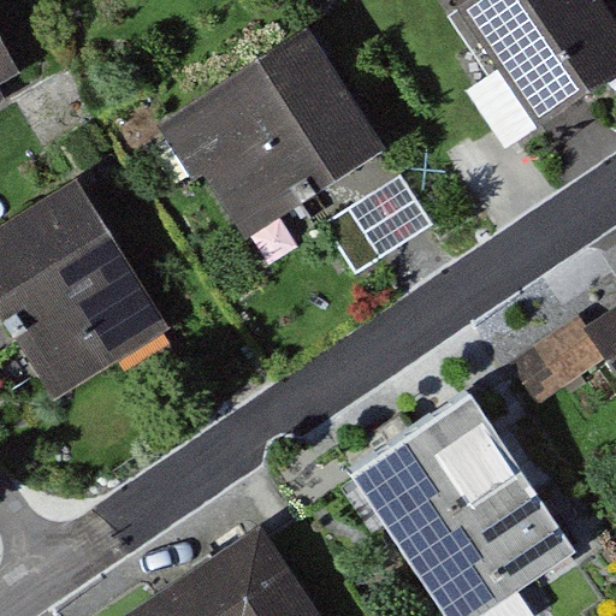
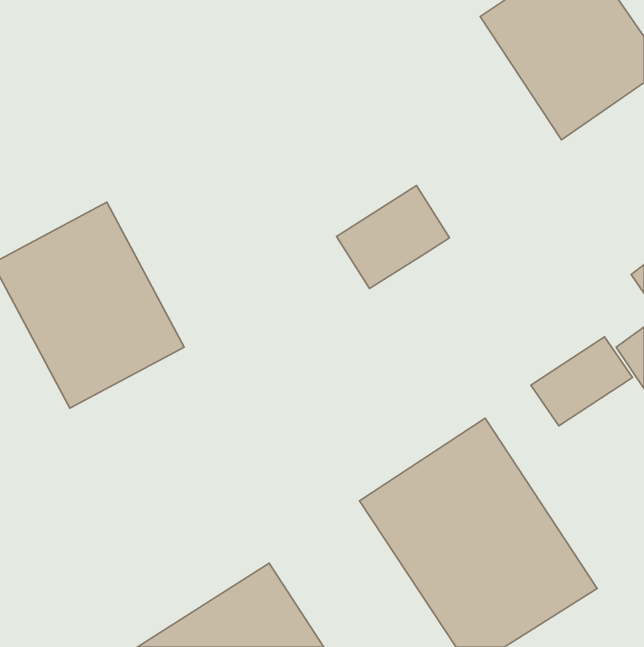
building: [178,41,389,239] -> none

